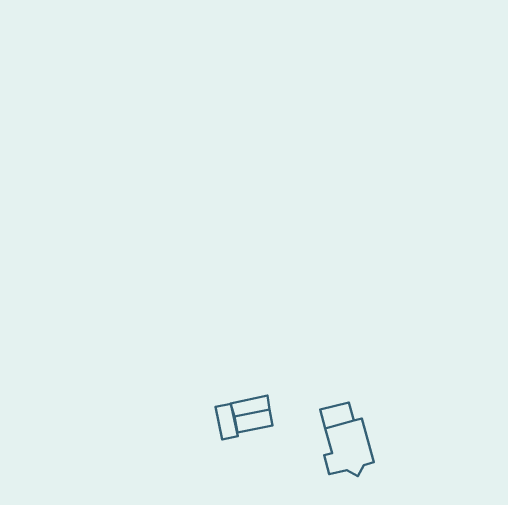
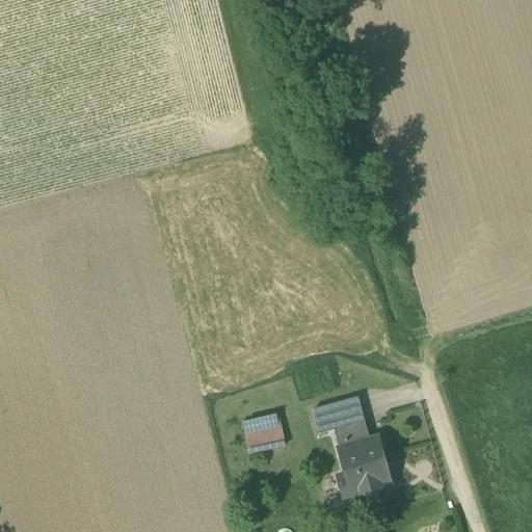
building: none -> [313,396,365,432]
building: [215,404,238,440] -> none

